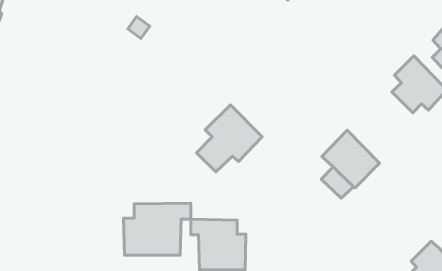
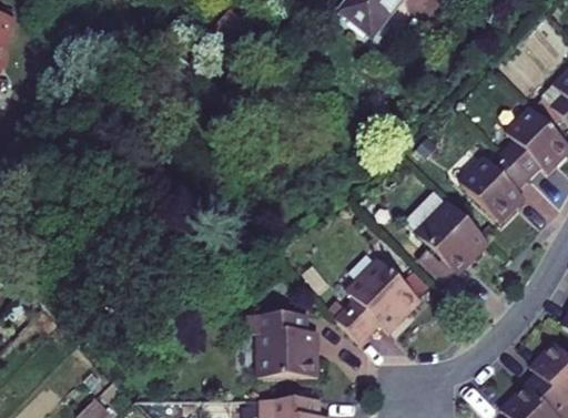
building: none -> [459,151,529,221]
building: [197,105,262,172] -> [337,261,420,346]
building: [124,203,191,255] -> none

